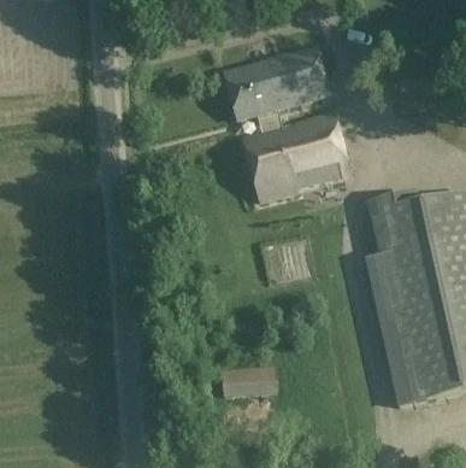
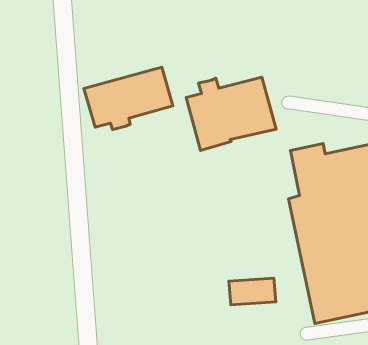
building: [225,47,330,121] -> [84,67,173,129]
building: [222,363,277,394] -> [229,278,276,305]

